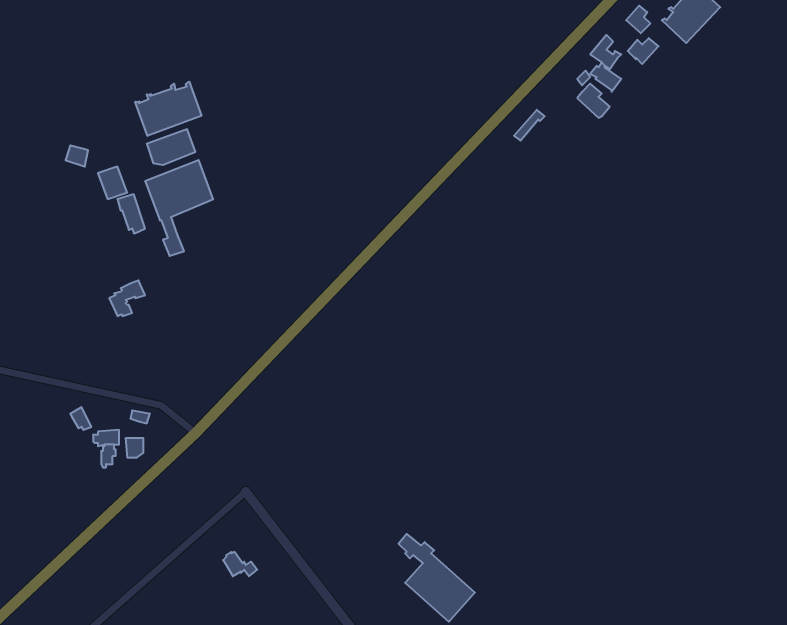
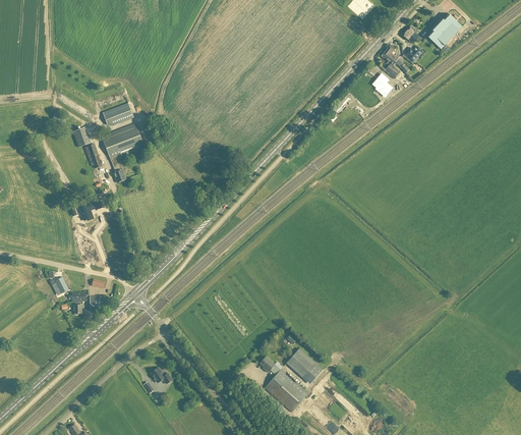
building: [135,82,201,136] -> none
building: none -> [288,348,322,382]

